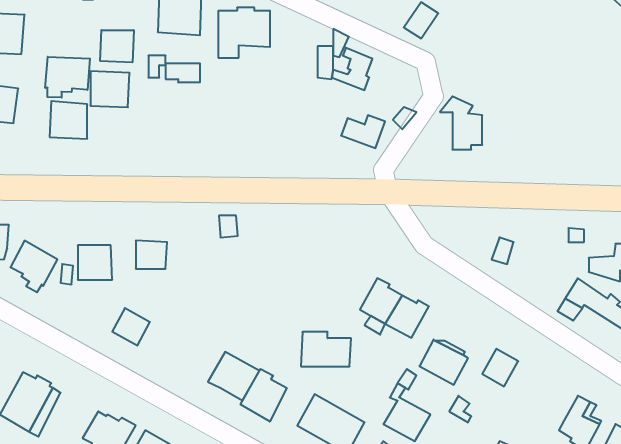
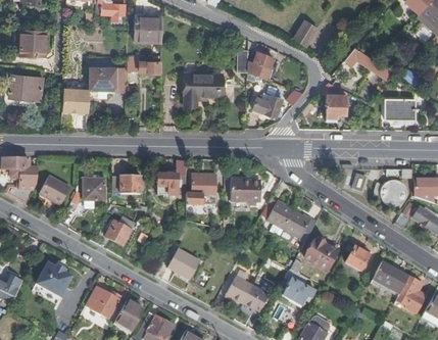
building: [218,8,270,58] -> [185,69,218,102]
building: [100,30,134,62] -> none
building: none -> [345,46,392,78]
building: [45,57,90,98] -> none
building: none -> [386,97,417,119]
building: none -> [157,175,178,196]
building: none -> [187,175,215,204]
building: none -> [380,180,406,206]
building: [301,332,351,366] -> [231,181,263,203]
building: [241,369,287,422] -> none
building: none -> [373,261,408,293]

